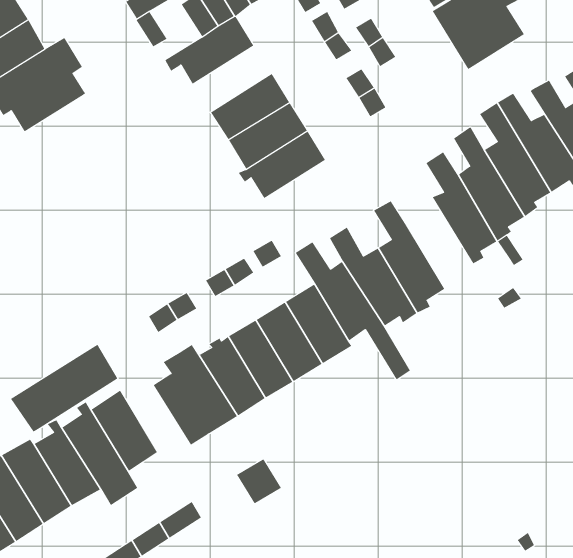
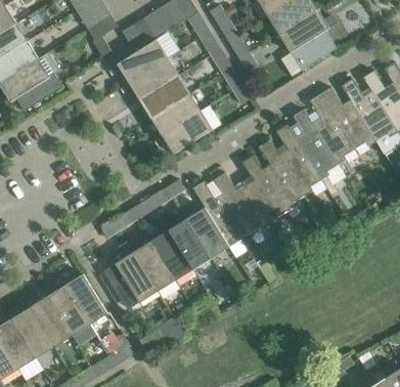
building: none -> [123,56,179,98]
building: none -> [260,137,305,209]
building: [10,344,118,432] -> none

